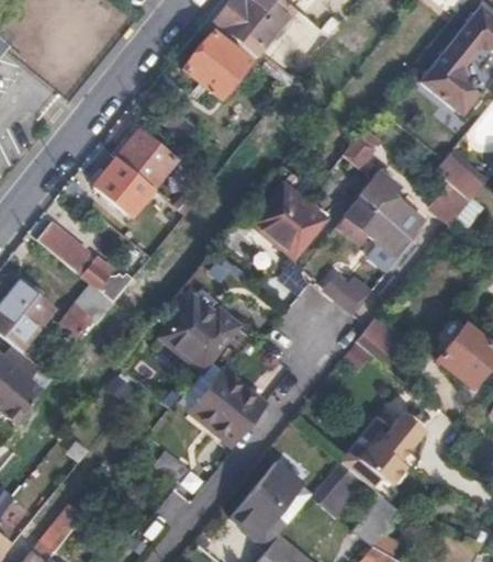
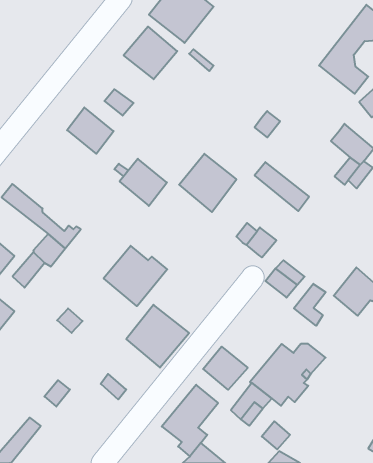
building: [96,158,153,215] -> [120,159,167,206]
building: [359,168,425,236] -> none
building: none -> [294,284,326,326]
building: none -> [203,347,248,390]

